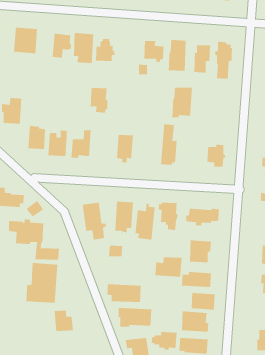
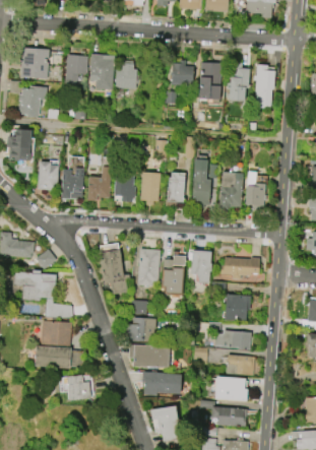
building: none -> [17,85,47,118]
building: [172,87,193,118] -> [218,173,243,209]
building: [90,87,108,113] -> [114,172,135,202]
building: none -> [167,172,184,202]
building: [154,256,183,277] -> [123,317,155,341]
building: [151,331,177,351] -> none

